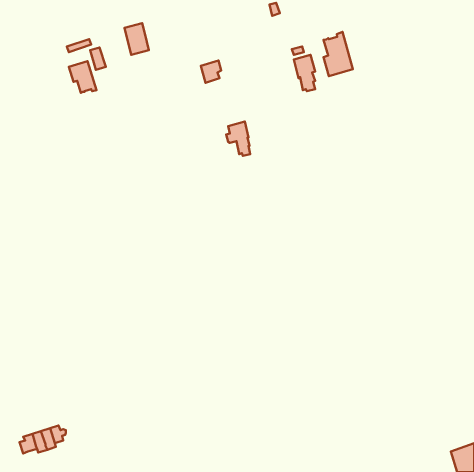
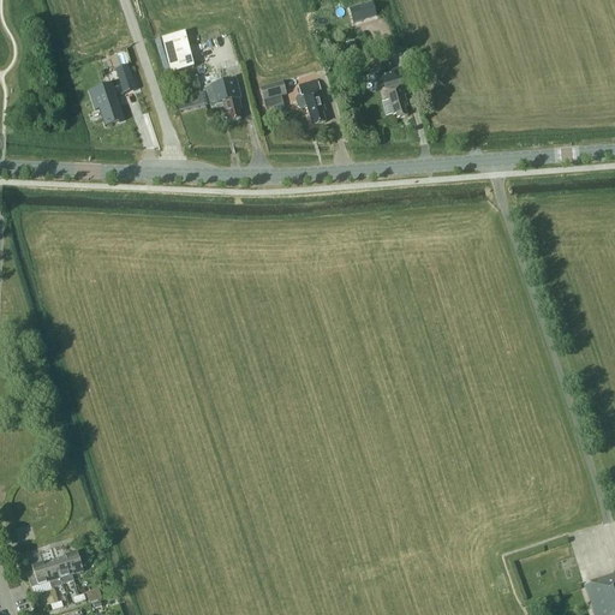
building: [323,32,353,76] -> none
building: none -> [205,78,240,120]
building: [226,122,250,156] -> [293,79,324,124]

